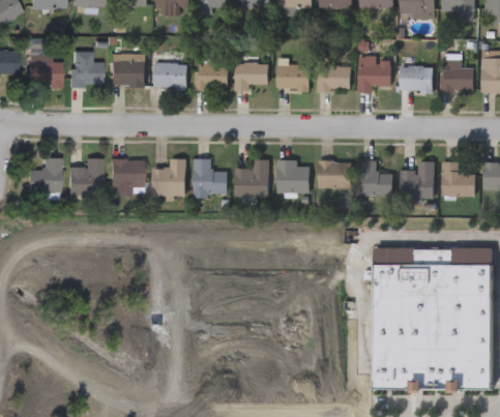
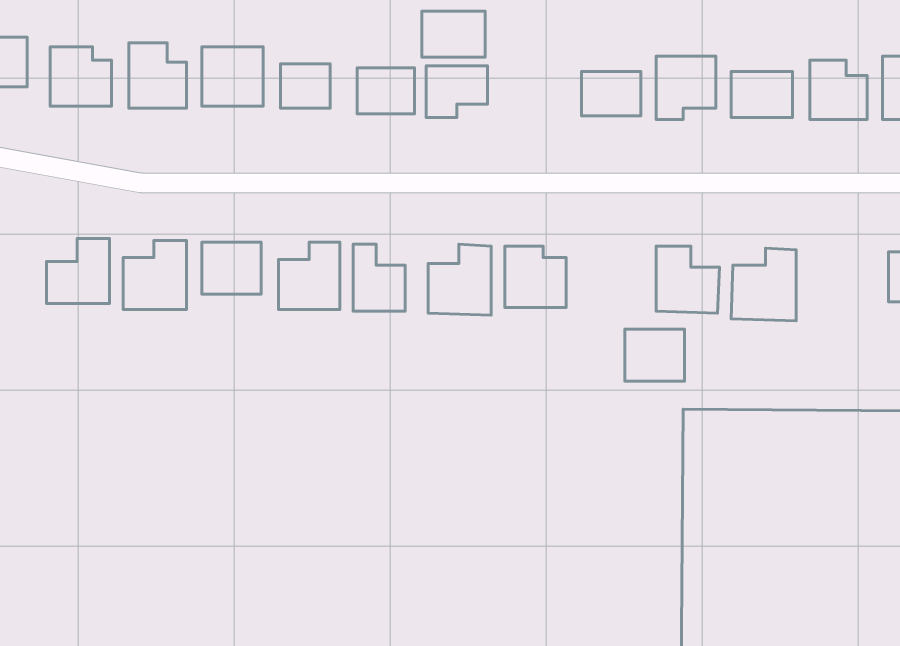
building: [275,65,310,90] -> [422,11,485,57]
building: [318,160,350,188] -> [625,329,684,381]
building: [441,162,475,198] -> none

